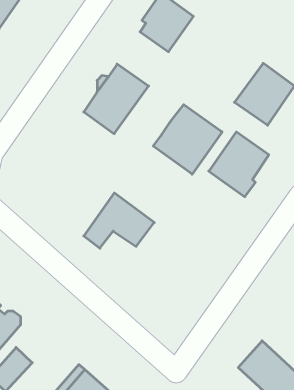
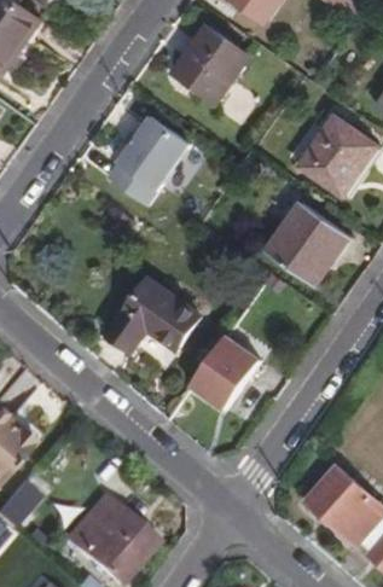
building: [153,105,222,174] -> none
building: none -> [185,332,262,415]

